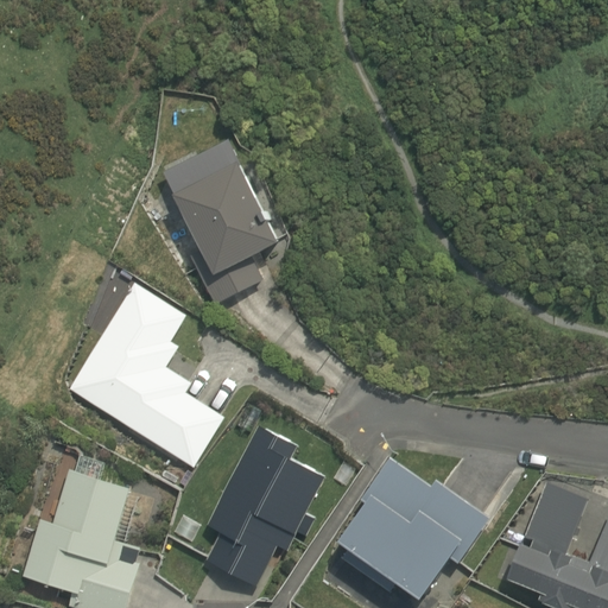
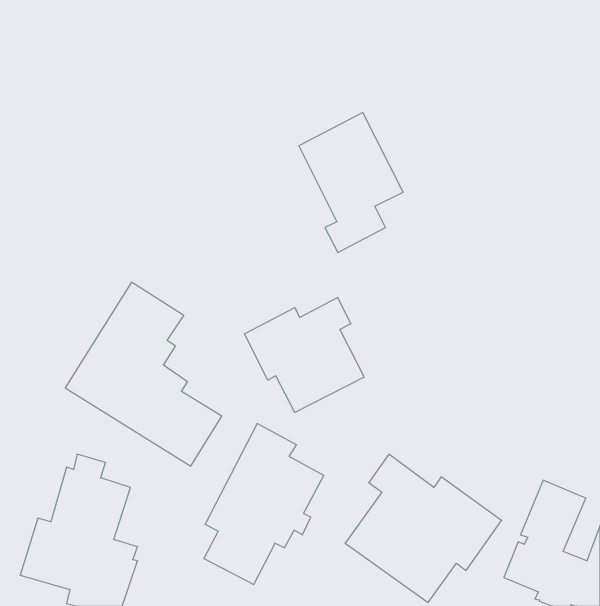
building: [173,163,278,303] -> [299,113,403,253]
building: none -> [244,297,364,412]

